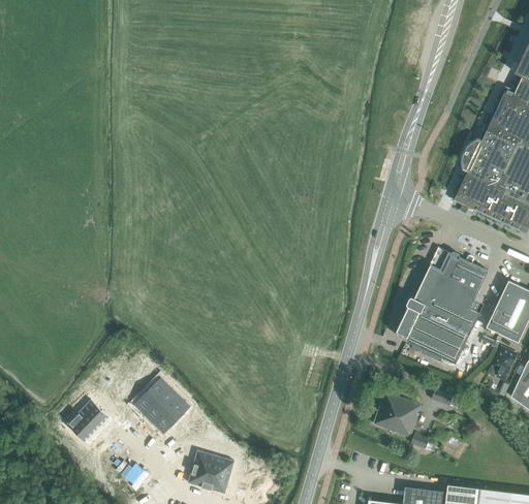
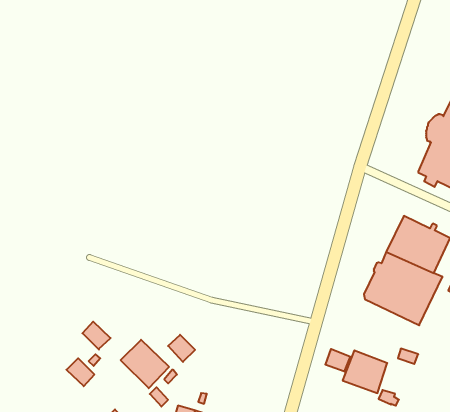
building: none -> [168,335,195,362]
building: none -> [325,349,350,372]
building: [67,412,97,442] -> [82,322,111,350]

